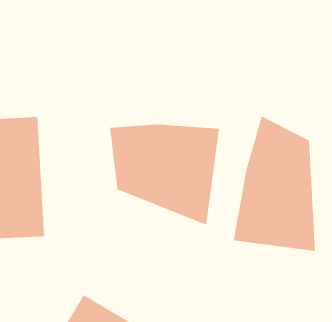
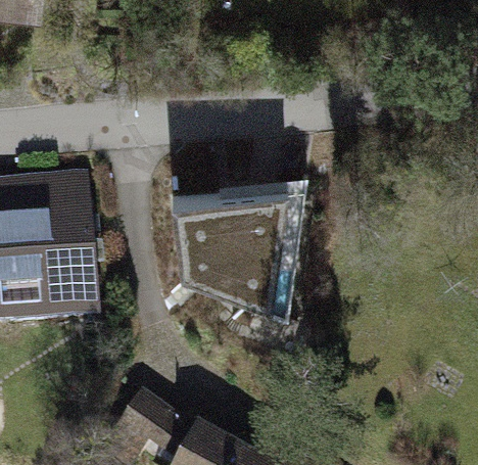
building: [233,115,316,252] -> none

